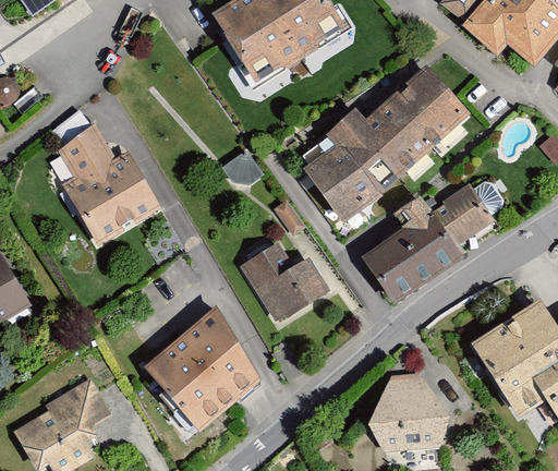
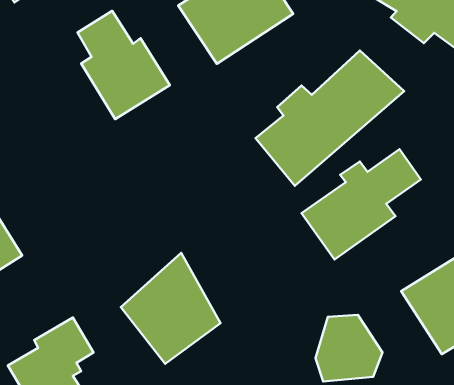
building: [52,122,159,247] -> [77,11,170,119]
building: [238,235,331,324] -> none

